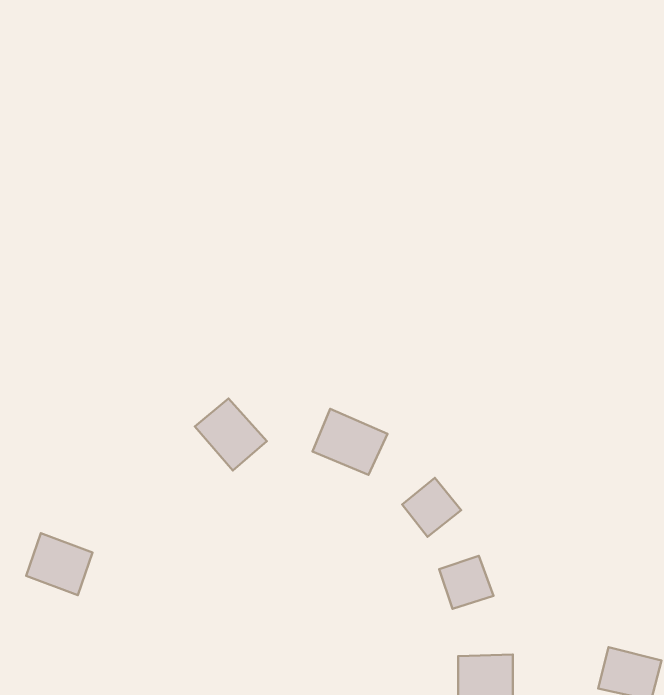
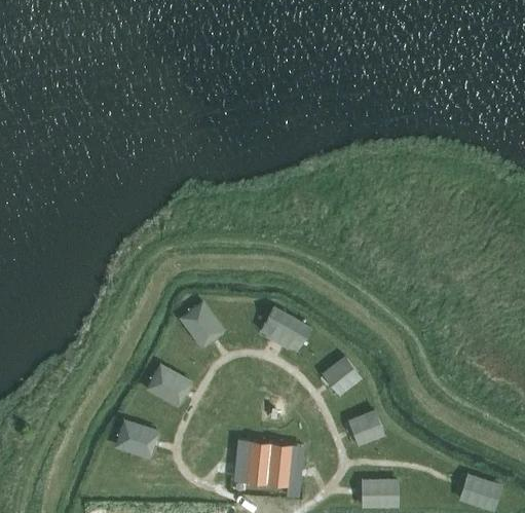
building: none -> [144,363,192,407]
building: [26,533,92,595] -> [114,417,160,461]
building: none -> [245,442,290,487]

